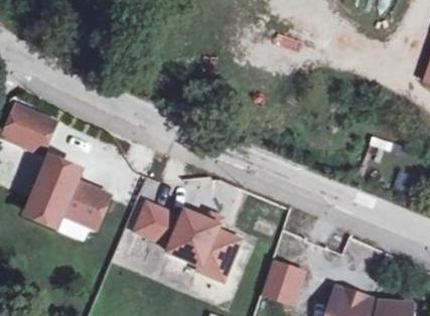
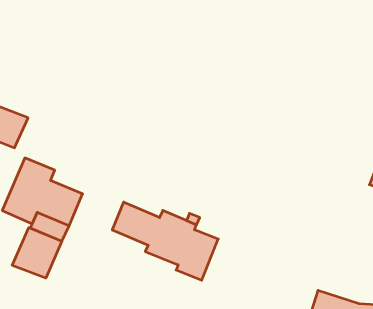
building: none -> [12,228,62,278]
building: [265,263,306,303] -> none

